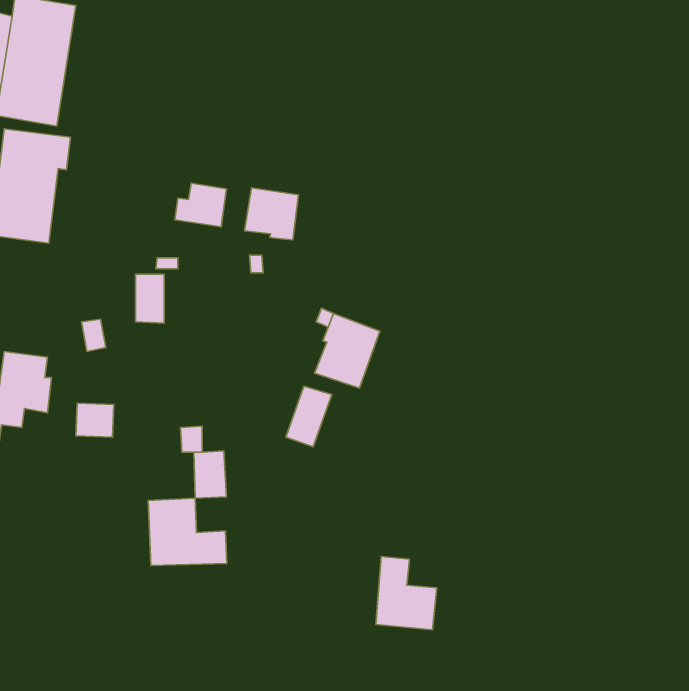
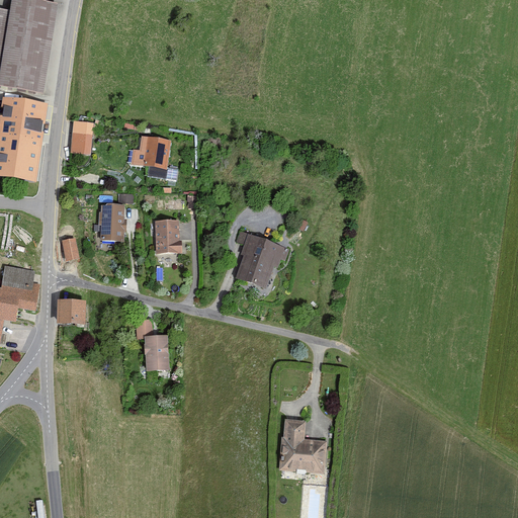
building: none -> [68,119,91,154]
building: [245,188,298,240] -> none
building: none -> [155,221,182,254]
building: [286,386,332,447] -> none
building: [148,498,227,566] -> none

